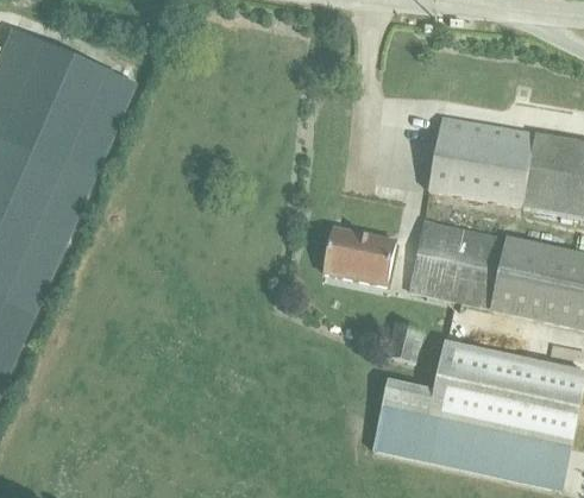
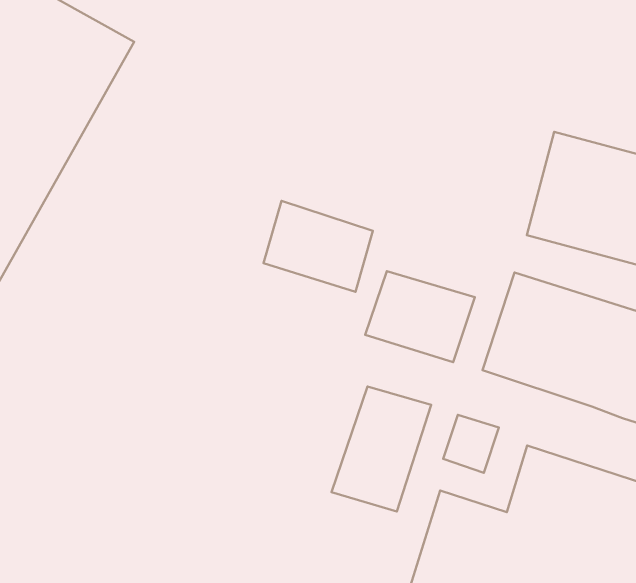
building: none -> [263,201,373,292]
building: none -> [331,386,431,511]

